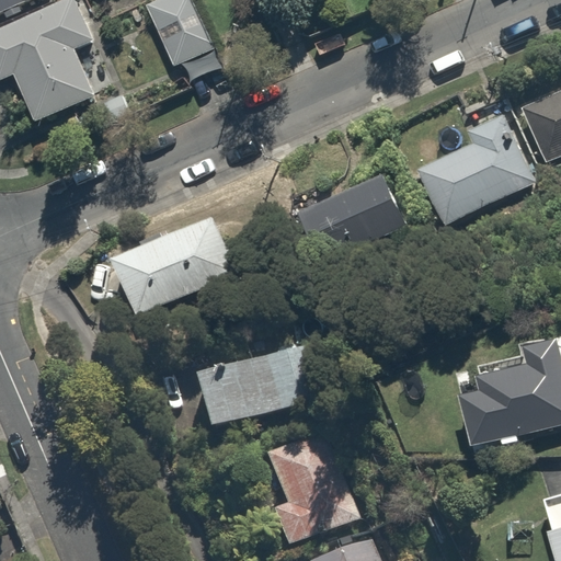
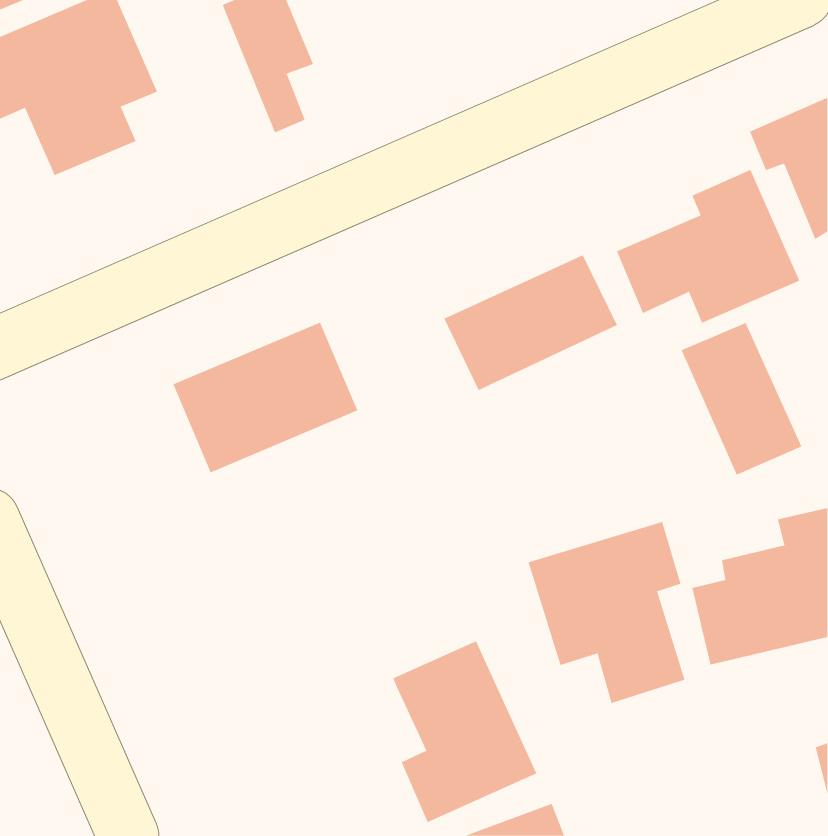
building: none -> [681,322,802,475]
building: [196,343,325,433] -> none
building: none -> [528,521,685,704]

